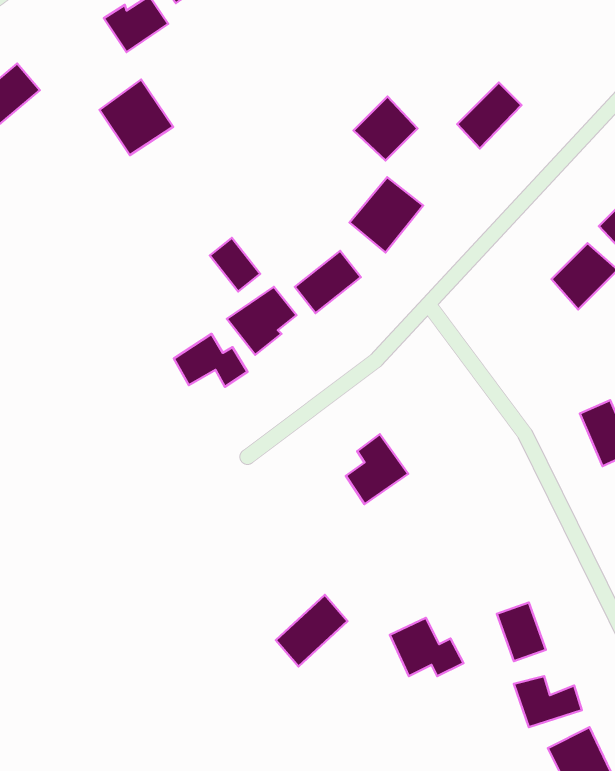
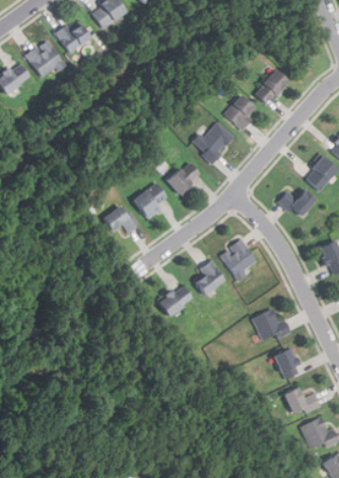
building: [100,80,173,155] -> [25,38,65,79]
building: [353,96,418,161] -> [223,94,258,129]
building: [210,238,260,291] -> none
building: none -> [277,188,315,218]
building: none -> [220,238,259,277]
building: [276,595,348,667] -> [154,281,193,319]
building: [390,618,464,676] -> [253,308,292,339]

